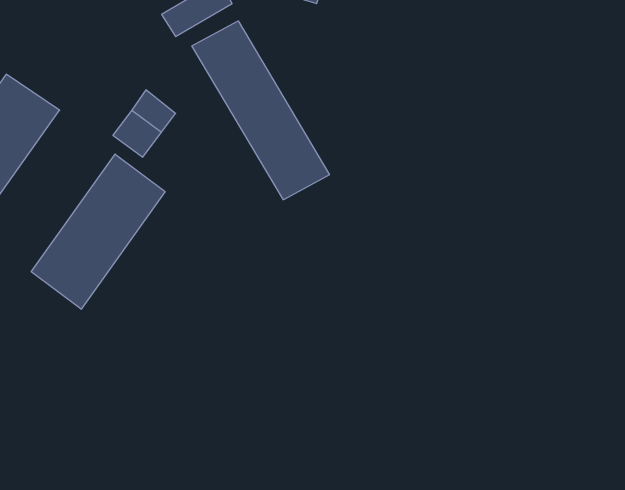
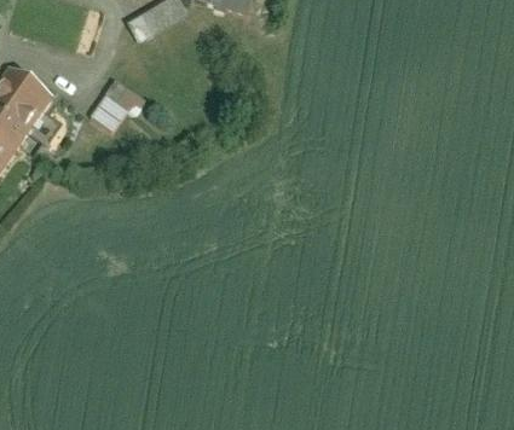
building: [192,21,329,200] -> none
building: [31,154,165,309] -> none

